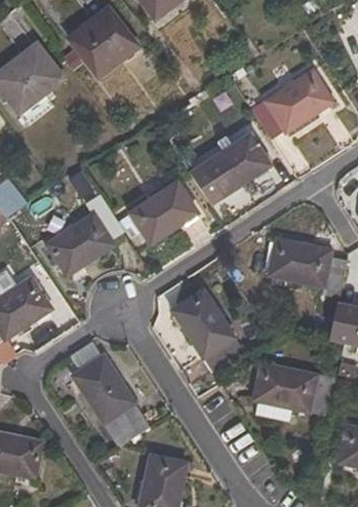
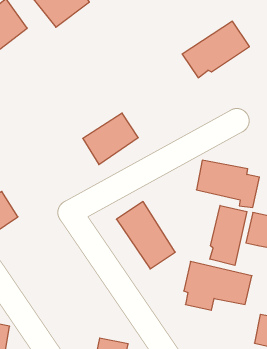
building: [203,133,270,194] -> none
building: [46,193,123,275] -> none
building: none -> [210,205,247,265]
building: [71,340,150,445] -> none

